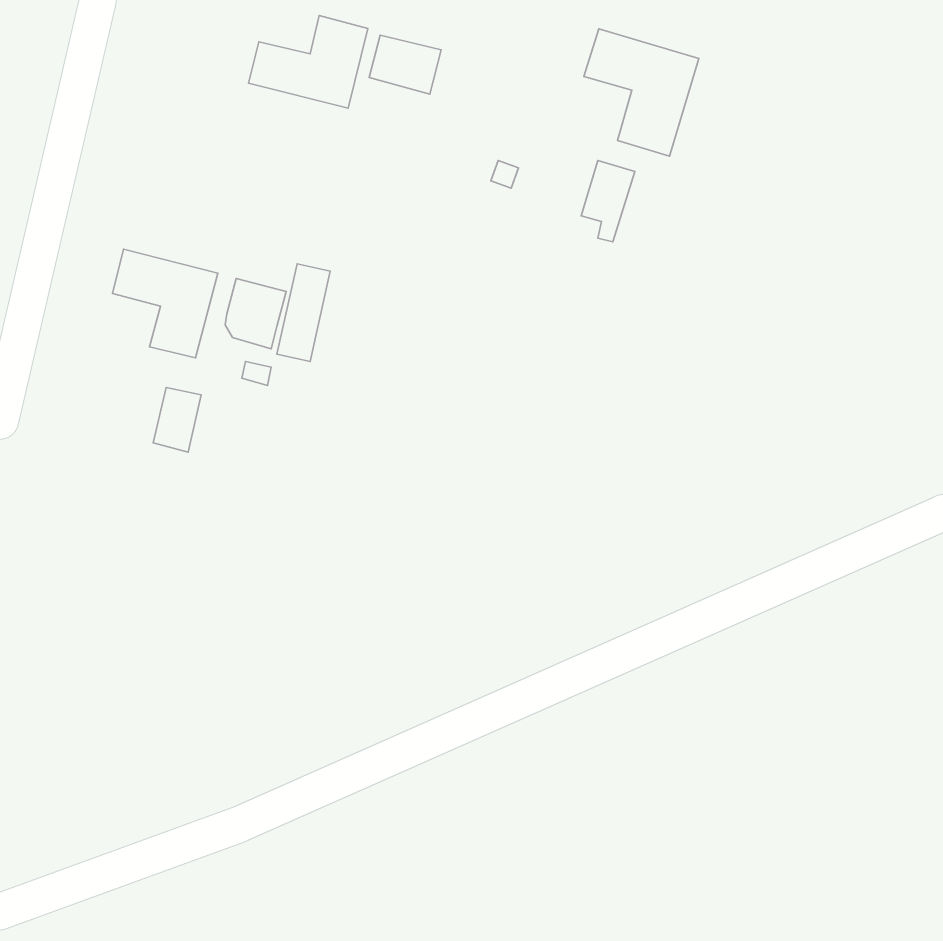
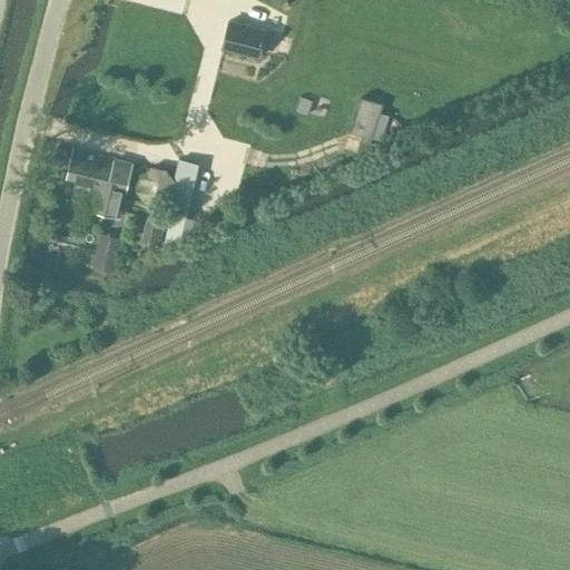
building: [248,16,368,108] -> none
building: [584,29,699,156] -> none

